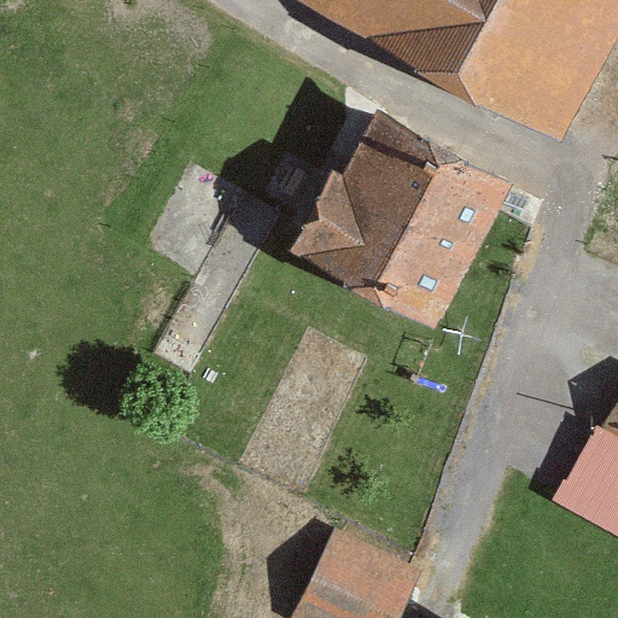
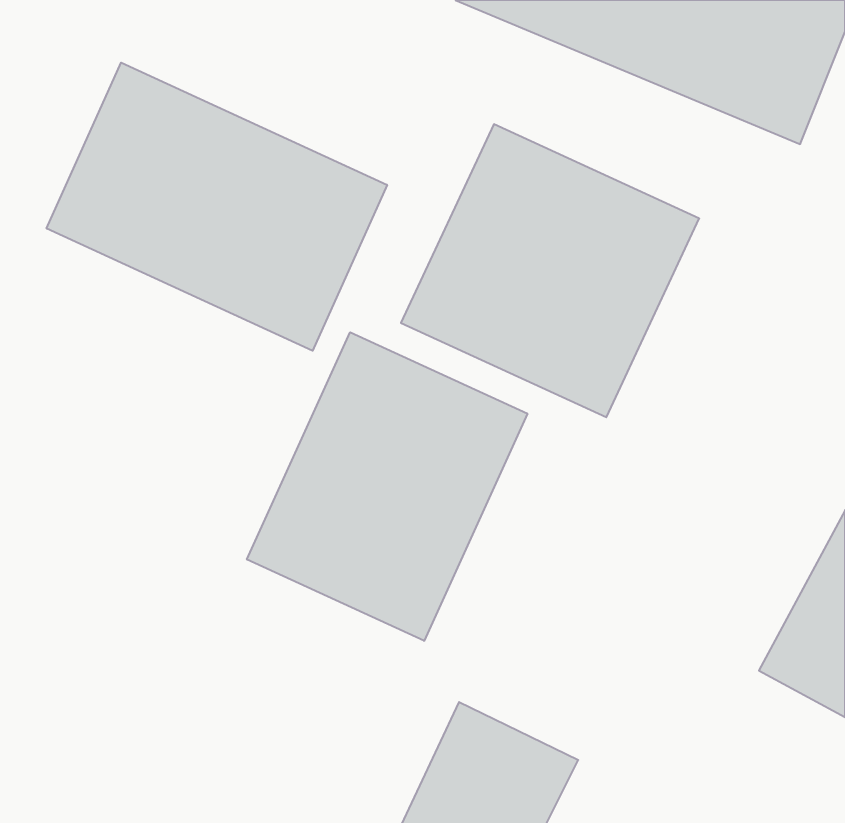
building: none -> [47,63,387,351]
building: none -> [247,332,527,641]

